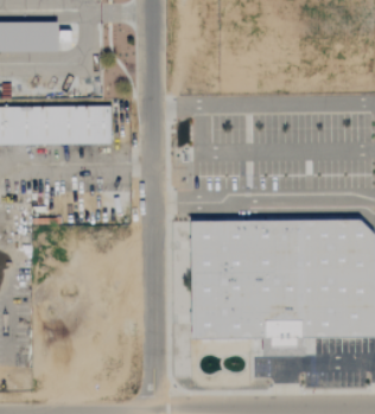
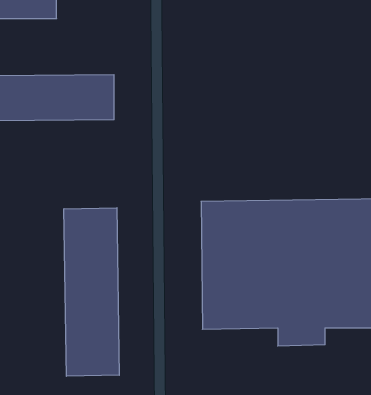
building: none -> [64,208,119,376]

